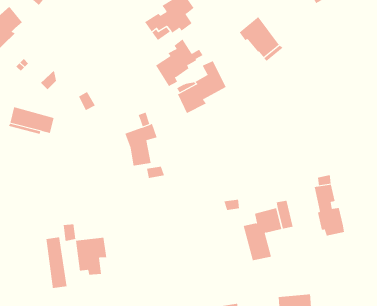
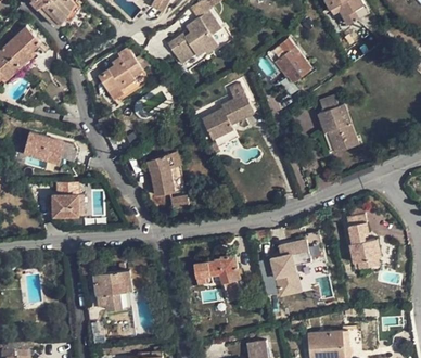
building: [155,39,203,87] -> [98,48,149,99]
building: none -> [317,95,359,153]
building: none -> [51,196,82,220]
building: none -> [194,254,242,299]
building: [46,236,67,289] -> none

